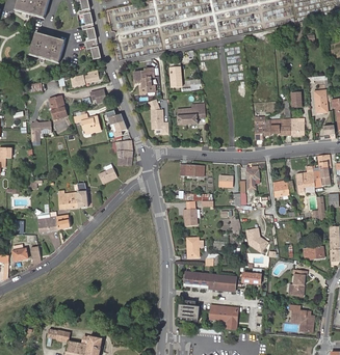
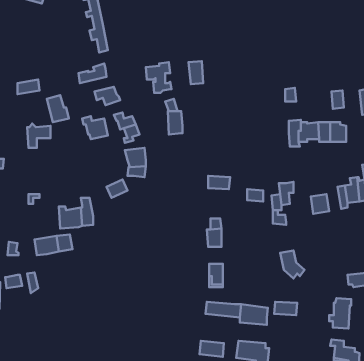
building: [29,32,66,62] -> none
building: [177,103,205,125] -> none

